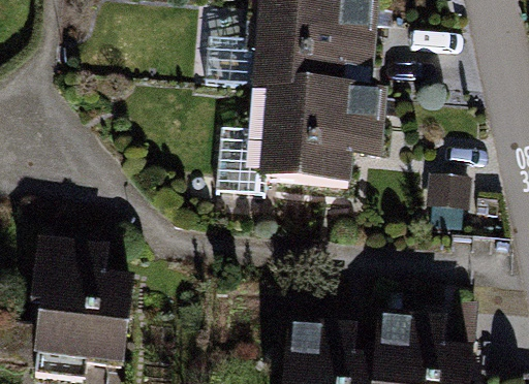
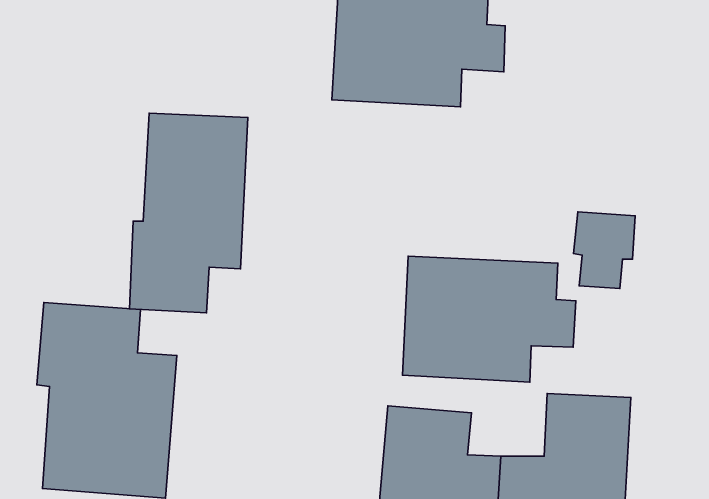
building: [259,89,387,182] -> [403,256,576,382]
building: none -> [129,113,248,313]

